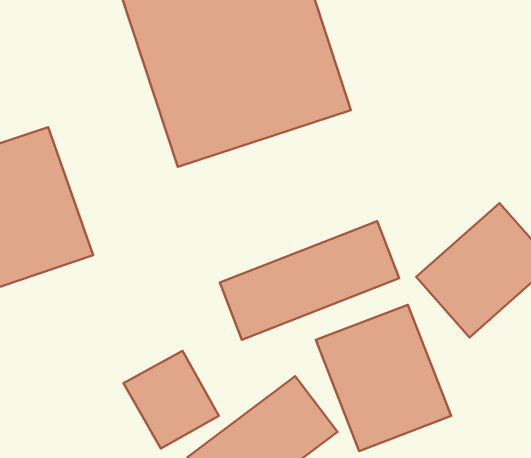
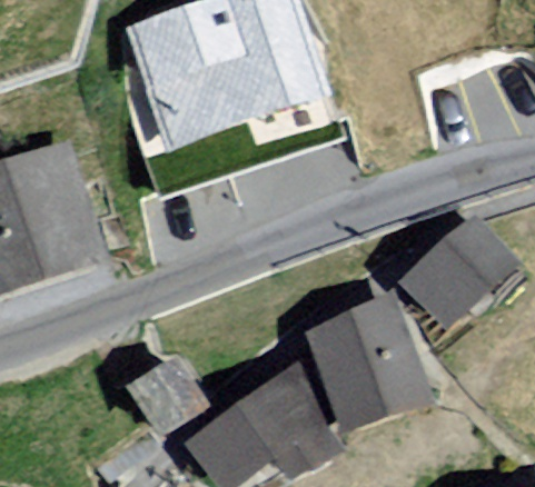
building: [220,221,399,340] -> none

